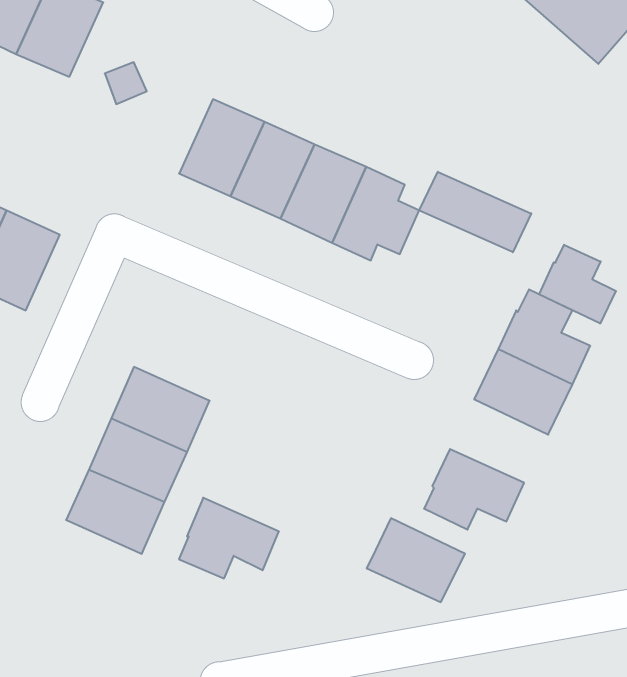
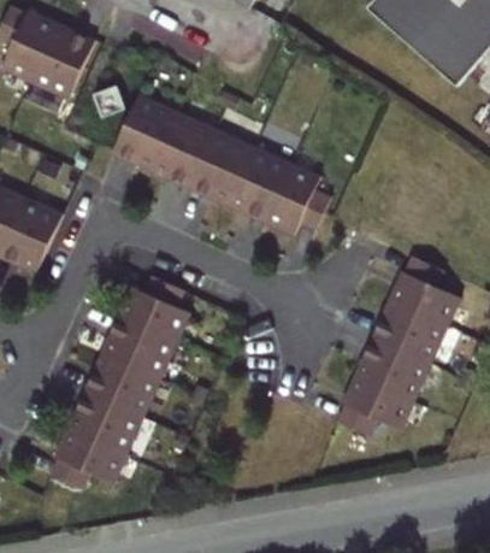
building: none -> [112,96,176,170]
building: [419,172,531,252] -> none
building: [539,245,616,324] -> none
building: none -> [117,275,187,340]
building: [179,498,279,578] -> [48,429,123,489]
building: [367,518,465,602] -> [353,339,426,401]

